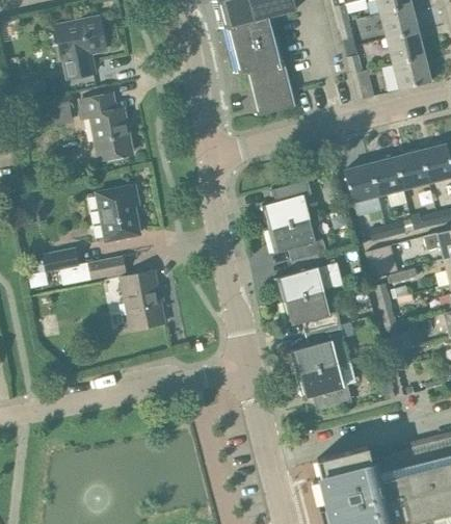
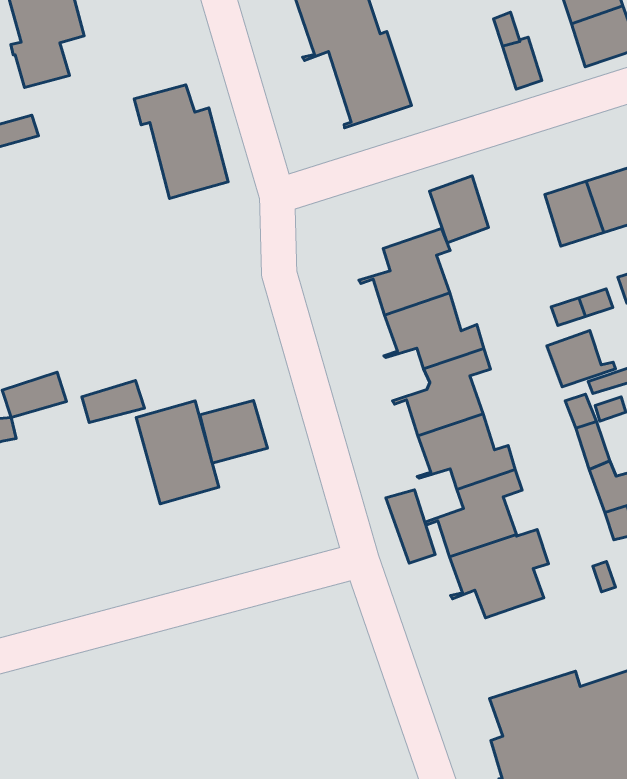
building: [81,94,133,160] -> [134,85,228,199]
building: [345,163,378,202] -> [429,176,488,243]
building: [88,185,140,242] -> none
building: none -> [200,400,267,463]
building: none -> [386,490,435,563]

